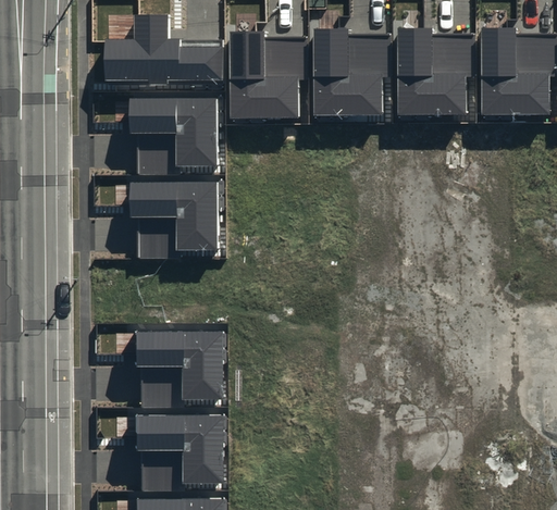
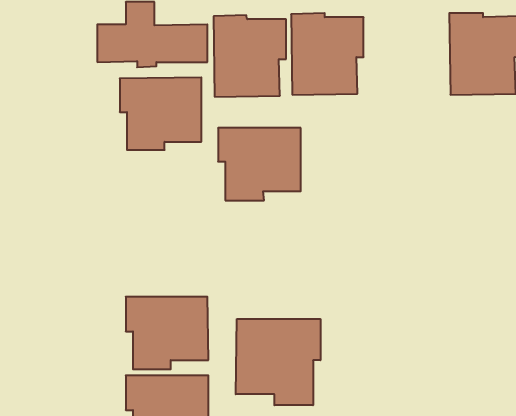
building: [396,29,473,115] -> none
building: [131,183,219,260] -> [218,128,301,200]
building: none -> [236,319,320,405]

